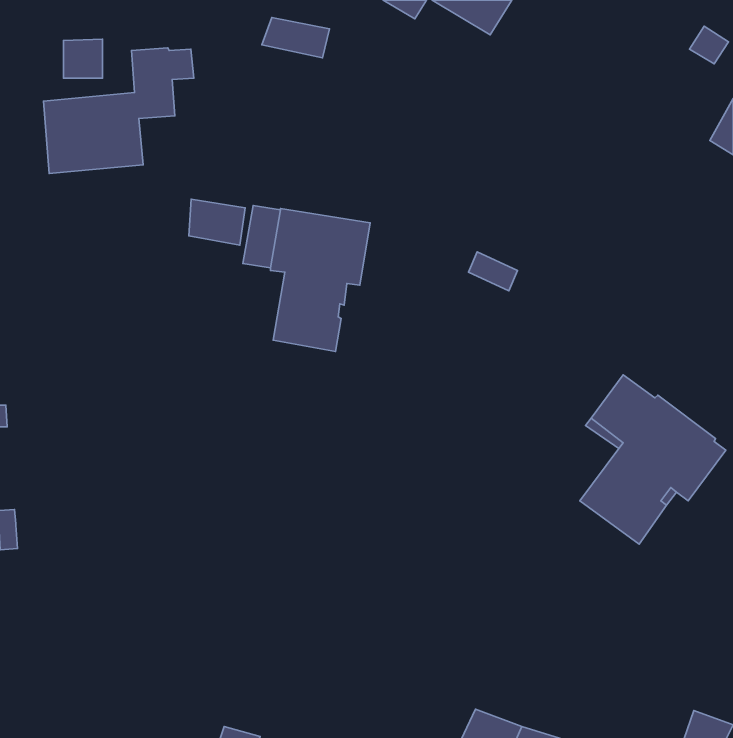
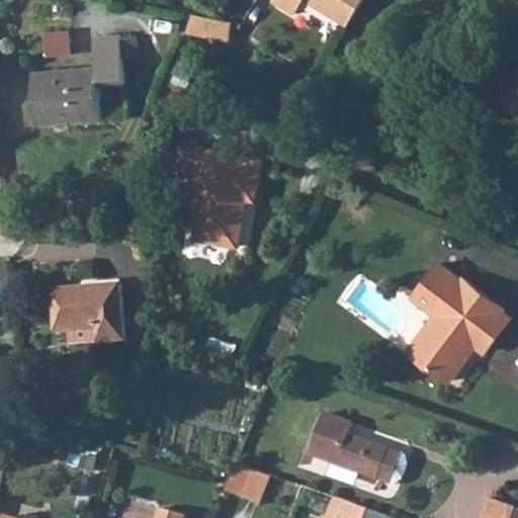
building: [189,199,245,245] -> none
building: none -> [51,285,123,346]
building: none -> [307,413,404,482]
building: none -> [224,463,269,505]

